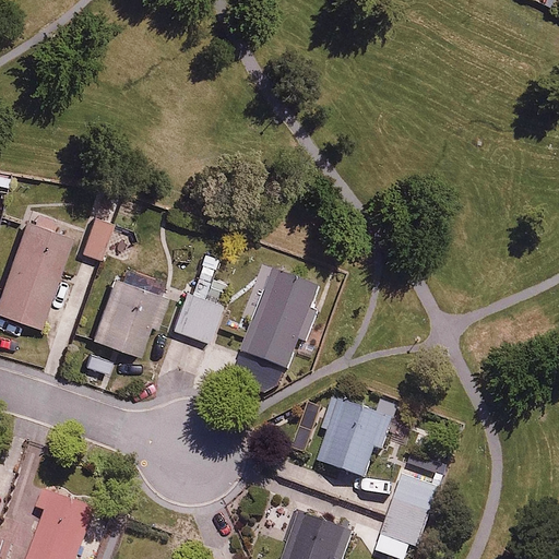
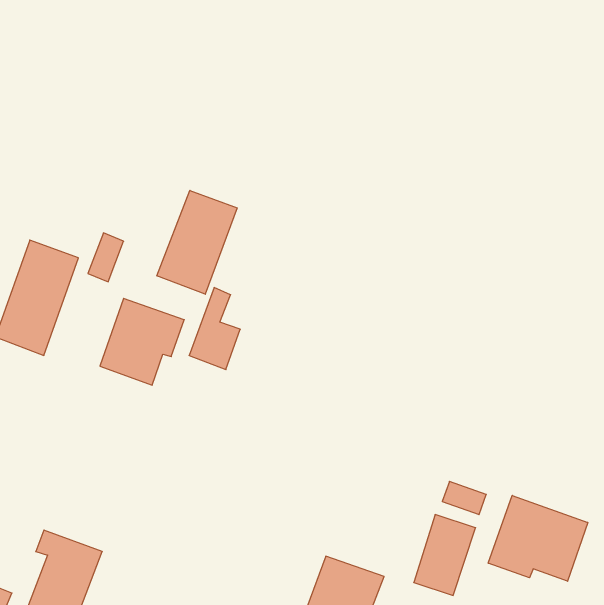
building: none -> [157,190,237,294]
building: [242,267,318,368] -> none
building: [317,397,392,478] -> none
building: none -> [488,495,588,581]

